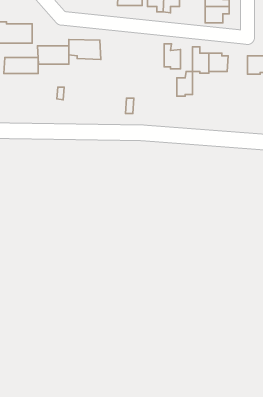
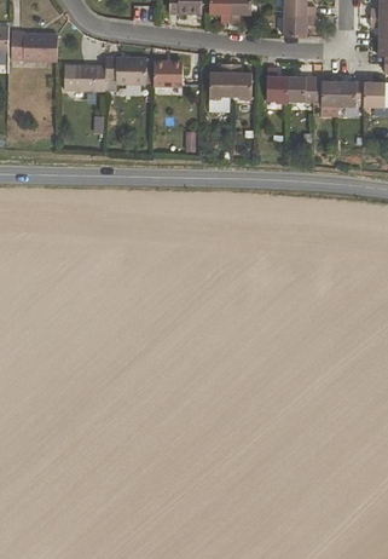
building: none -> [154,62,183,86]
building: none -> [313,80,340,104]
building: [4,57,38,74] -> none
building: [177,71,192,96] -> [209,64,230,97]

